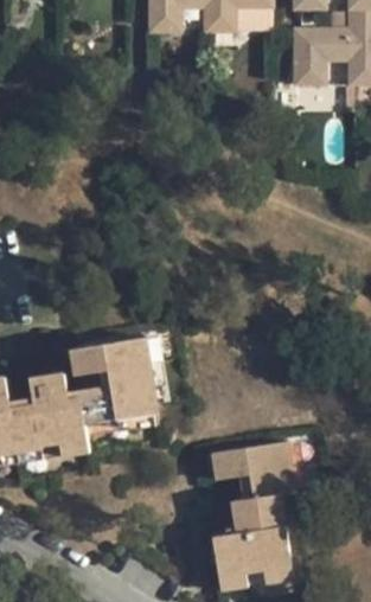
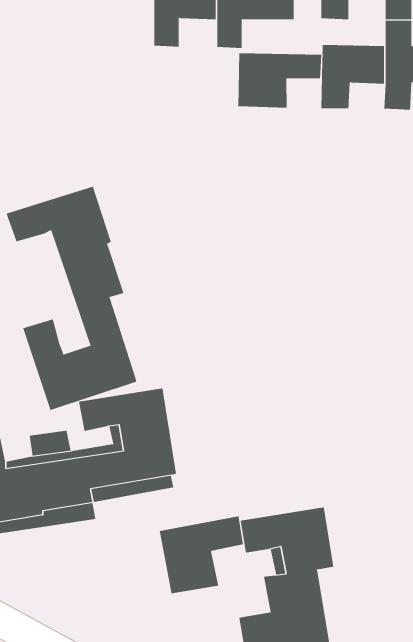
building: none -> [238,53,322,108]
building: none -> [6,186,137,411]
building: none -> [159,515,244,594]

